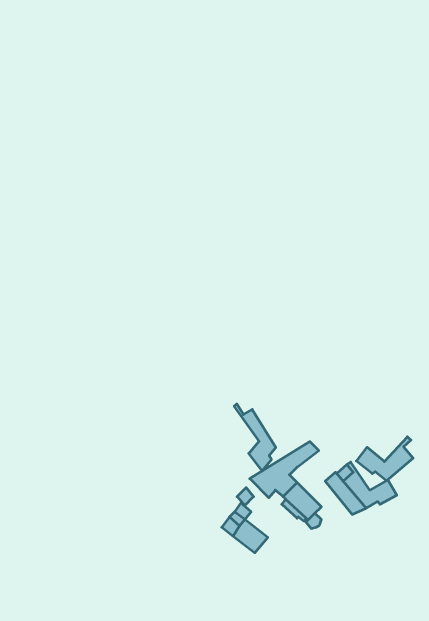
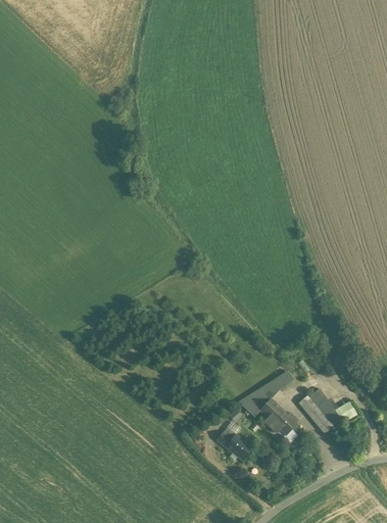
building: [234,404,276,471] -> none
building: [356,437,413,481] -> none

